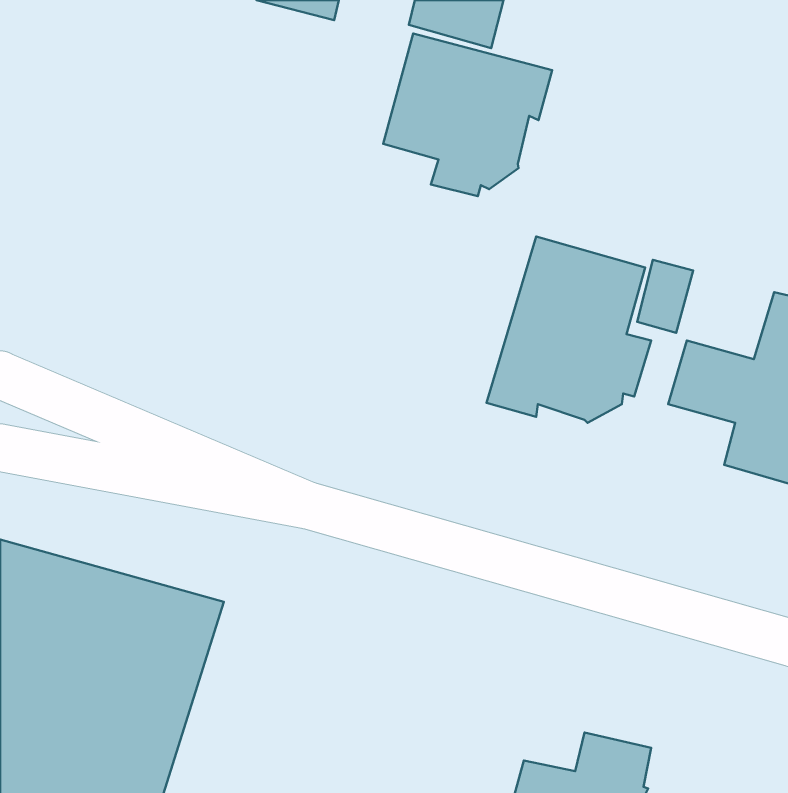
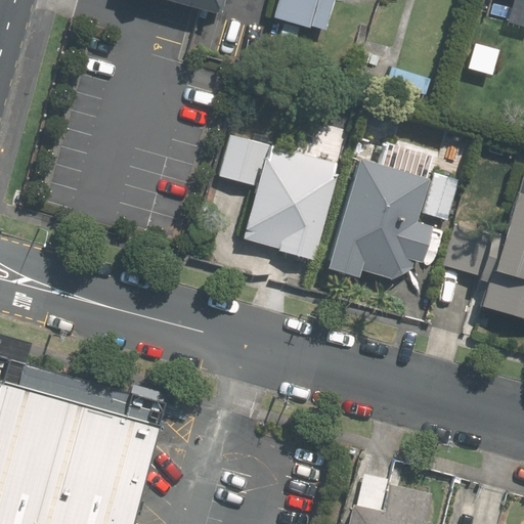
building: [383,34,552,196] -> none
building: none -> [220,135,341,262]

